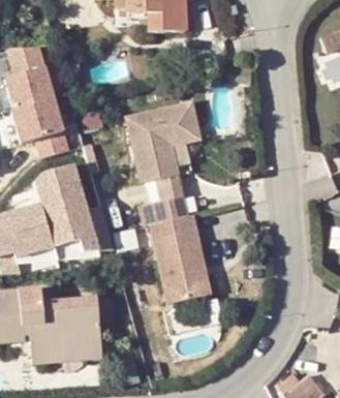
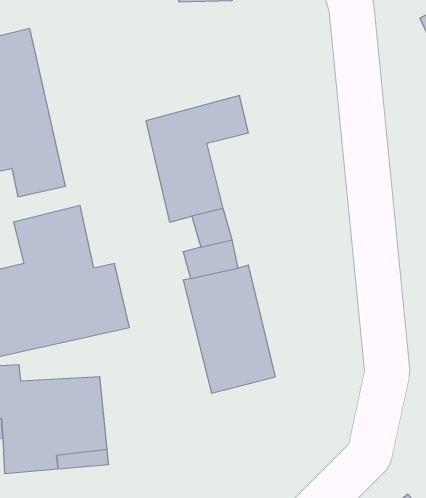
building: [166,121,199,174] -> none

